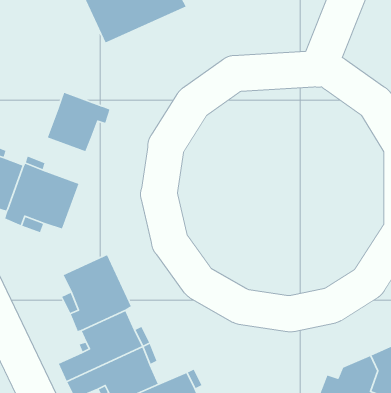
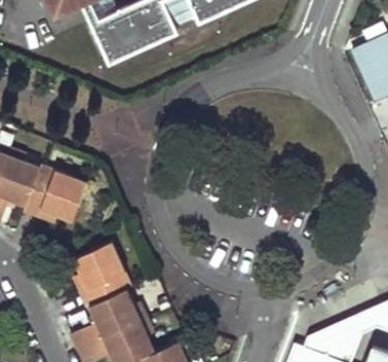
building: [47,92,110,152] -> none

